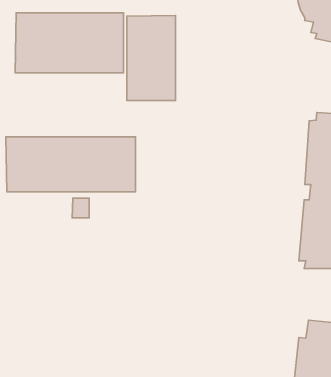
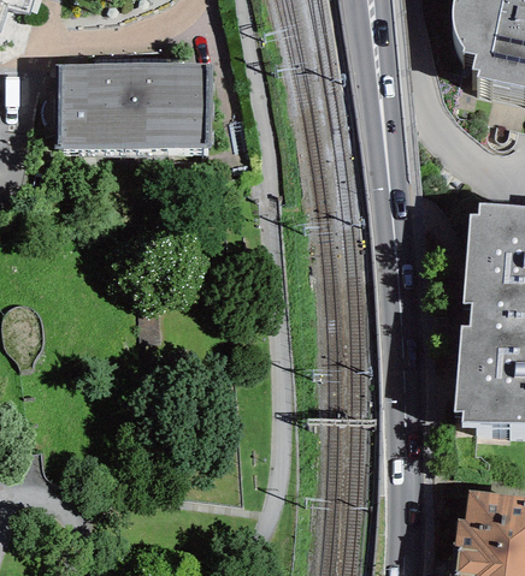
building: [127,16,175,101] -> none
building: [6,137,135,192] -> none

